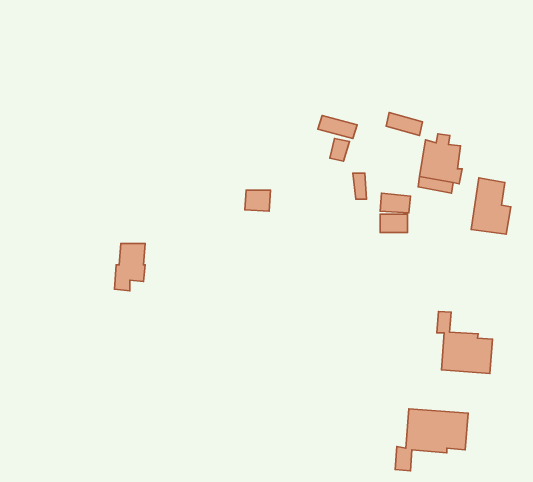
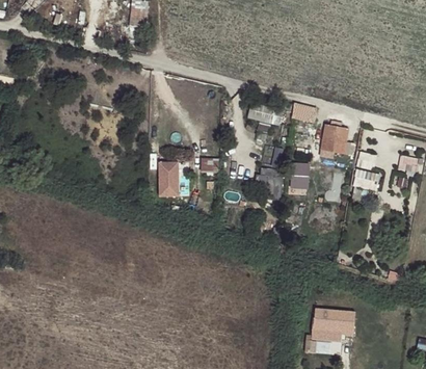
building: [115,244,145,291] -> [163,167,184,200]
building: [437,311,492,374] -> none

